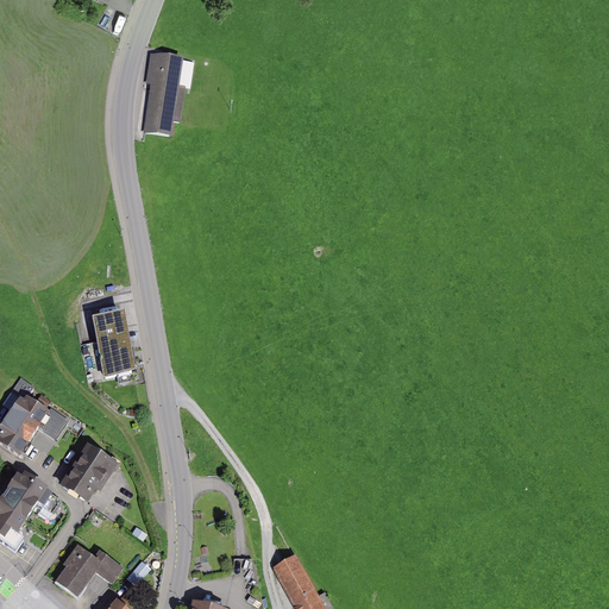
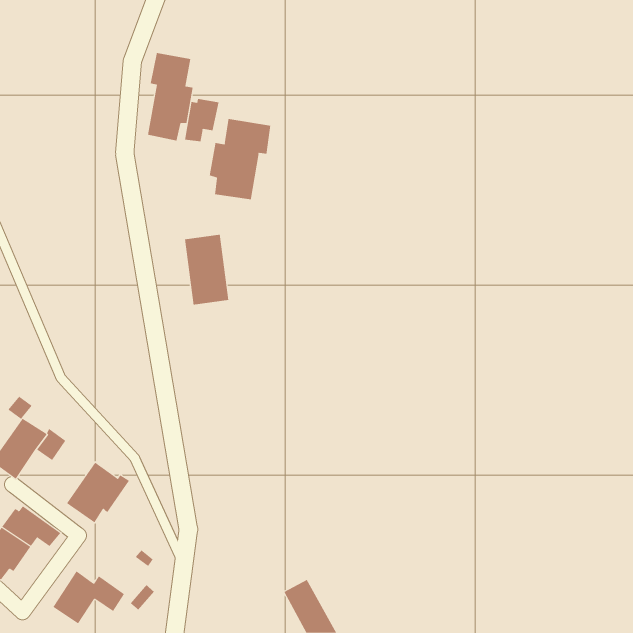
building: none -> [184,98,219,142]
building: none -> [209,118,271,200]
building: [90,310,133,378] -> [184,234,229,305]

